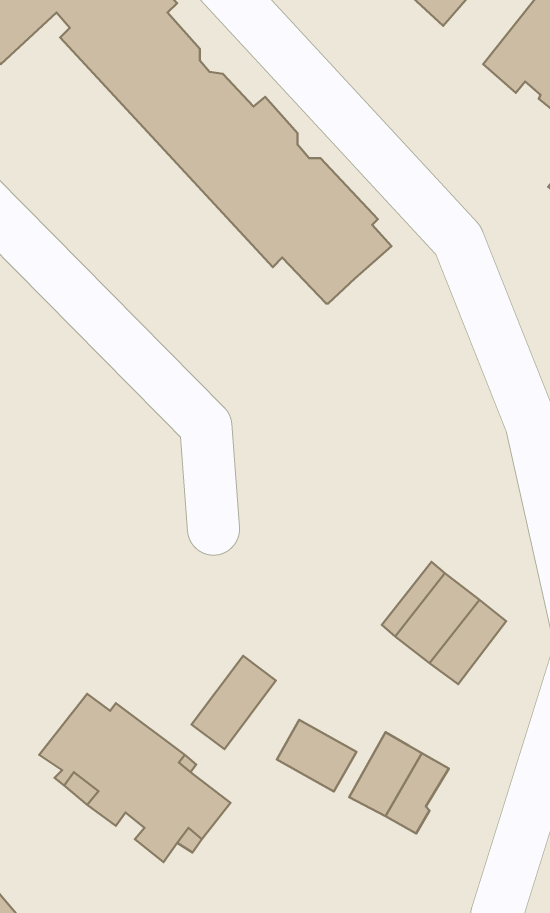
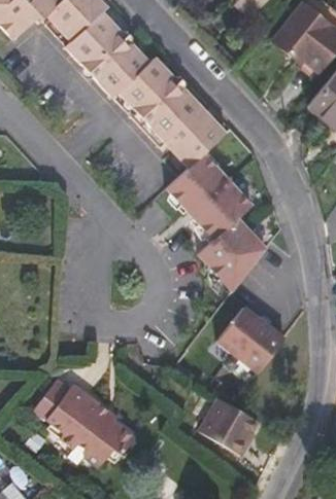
building: none -> [166,154,265,291]
building: [192,656,276,749] -> none
building: [277,720,356,792] -> none

